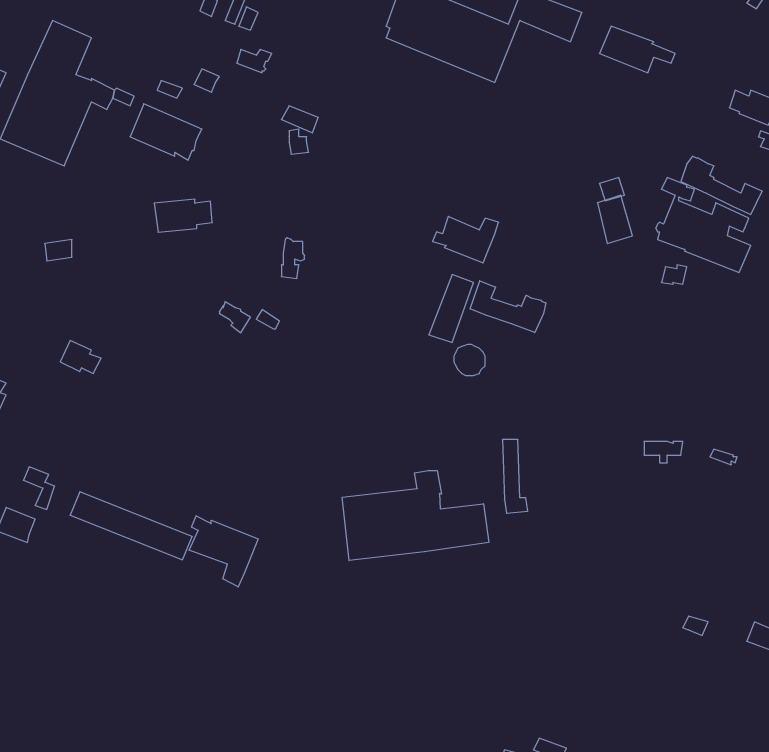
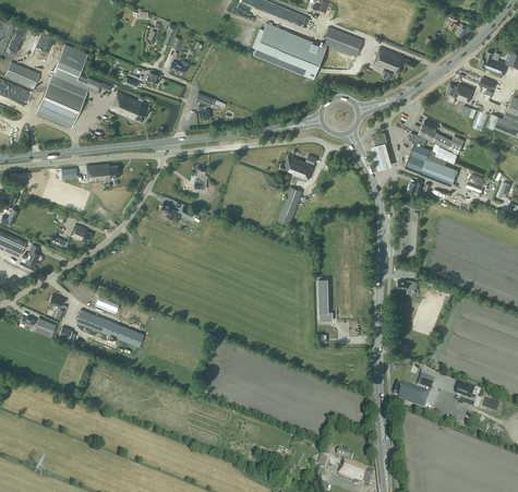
building: [154,199,212,232] -> [86,164,119,182]
building: [470,281,546,333] -> none
building: [342,470,489,561] -> none
building: [189,516,258,587] -> none
building: none -> [395,382,430,408]

